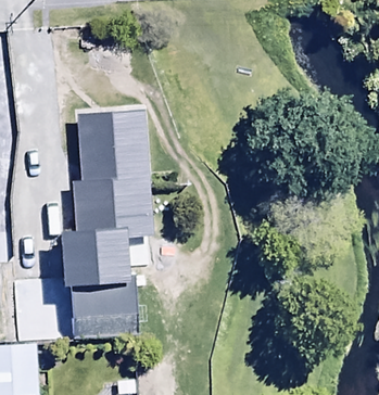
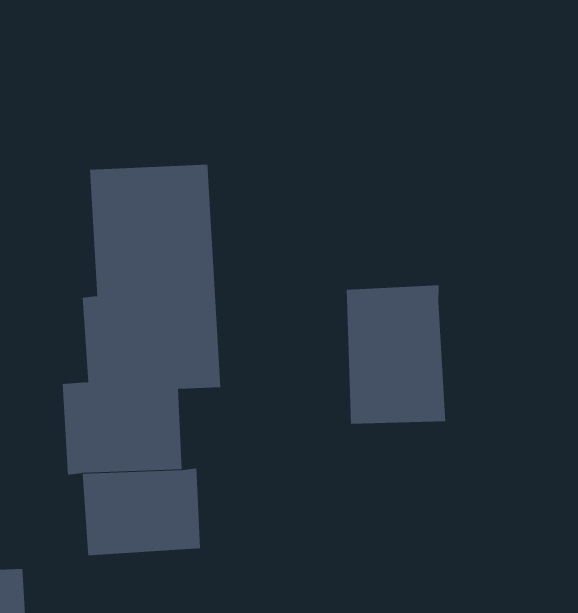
building: none -> [346,285,446,425]

